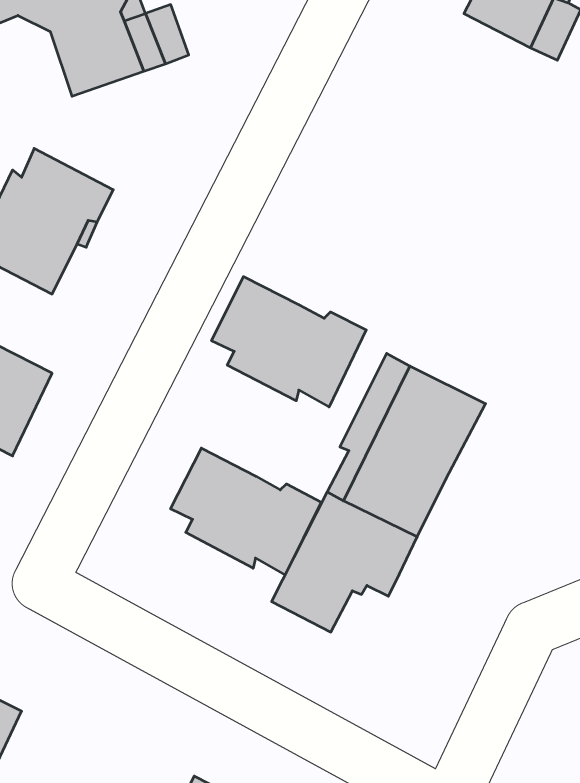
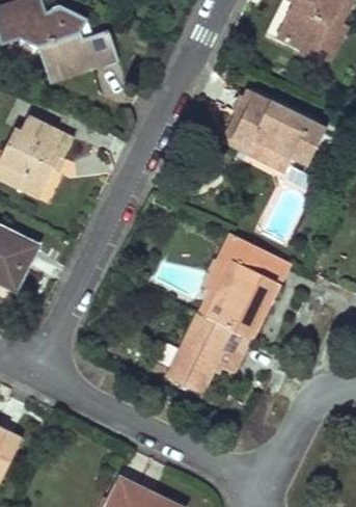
building: none -> [228,92,326,170]
building: [212,277,366,407] -> none
building: [171,448,321,575] -> none

